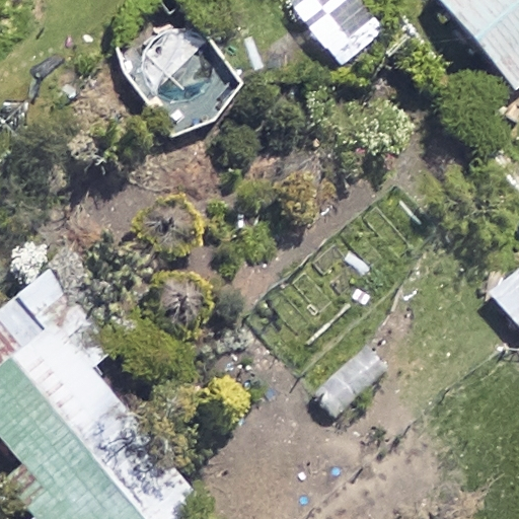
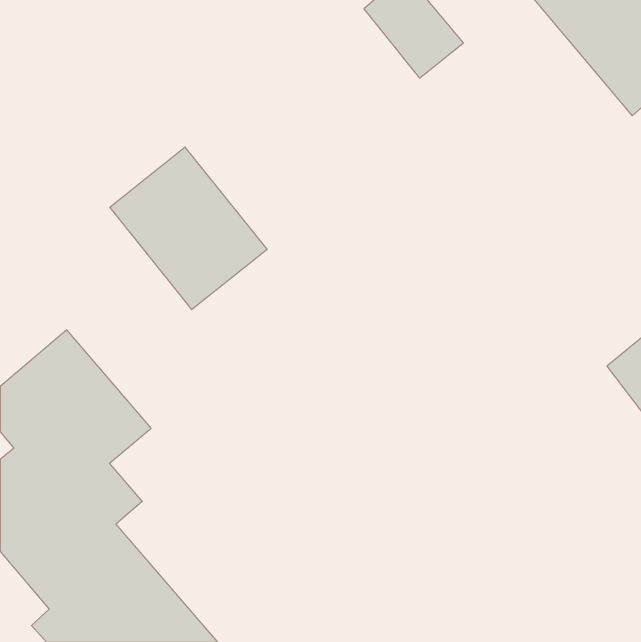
building: [112,10,238,141] -> [110,147,267,310]

